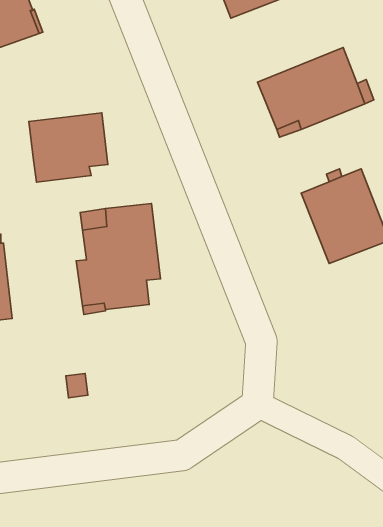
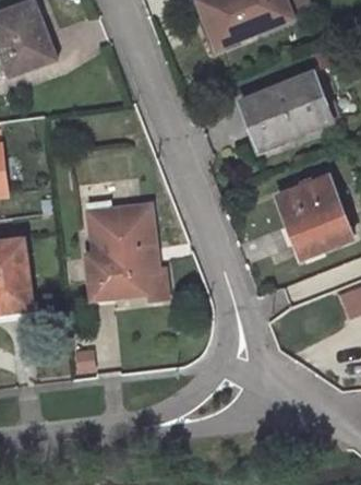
building: [29,113,108,182] -> none

